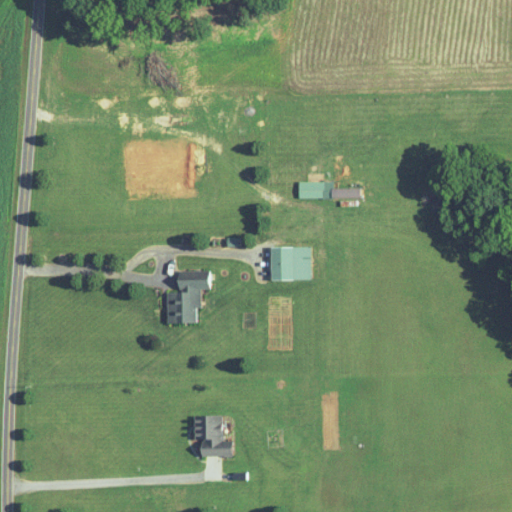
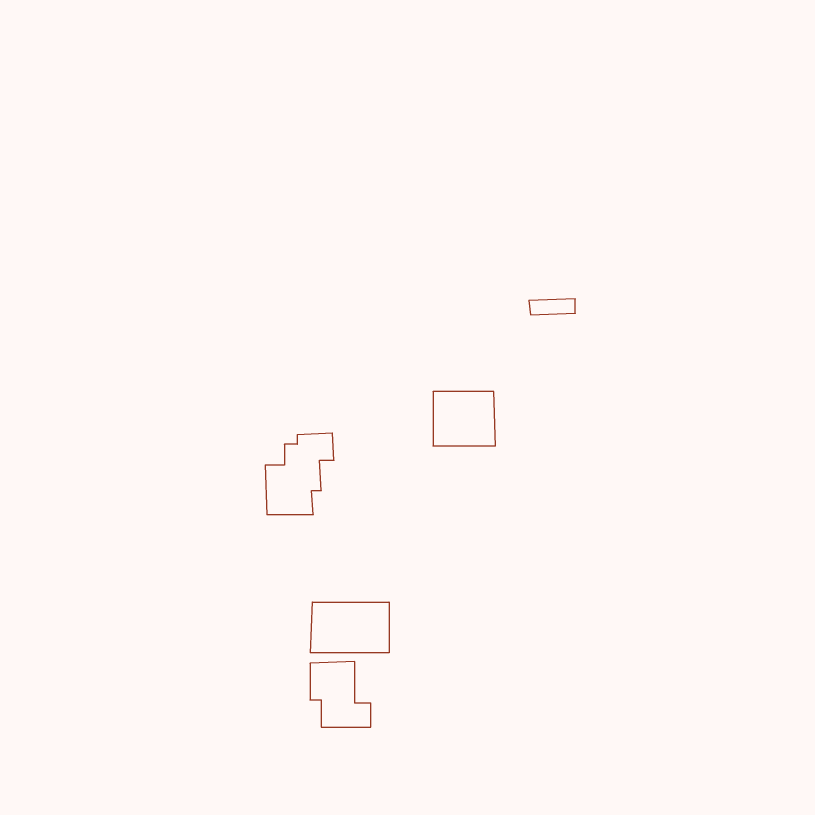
building: [297,181,323,198] -> none
building: none -> [310,602,389,653]

